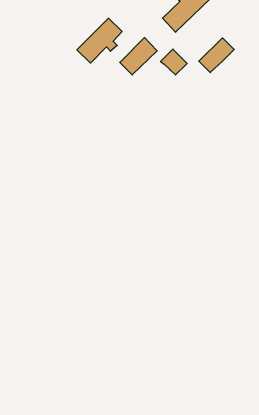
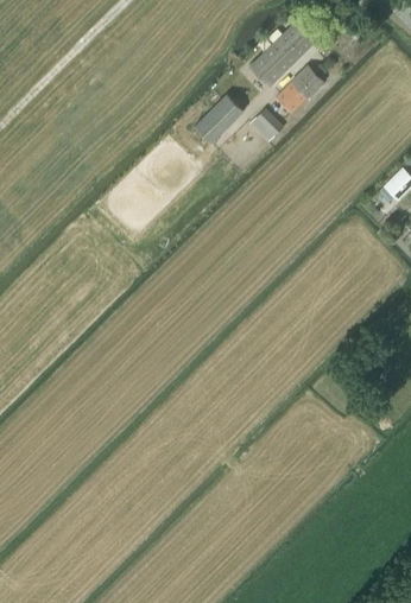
building: [77,18,122,63] -> none
building: [199,38,234,73] -> [276,66,323,113]

